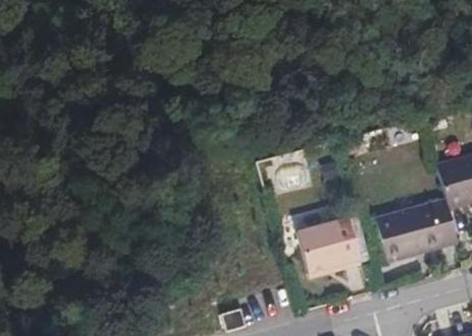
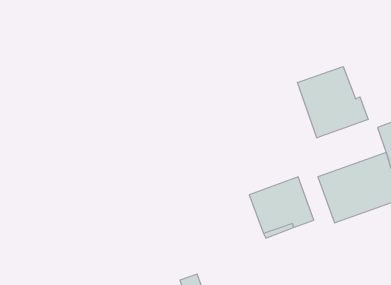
building: none -> [298,67,368,138]

